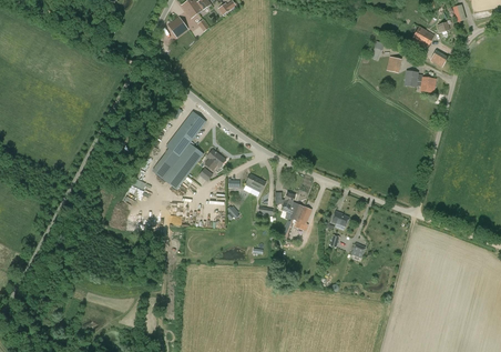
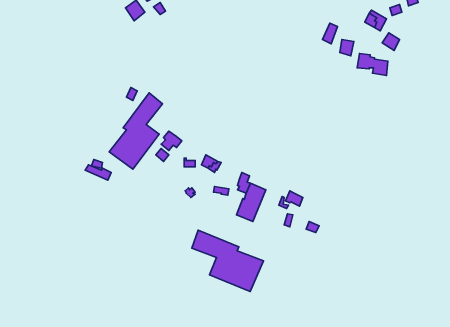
building: none -> [192,230,263,292]

